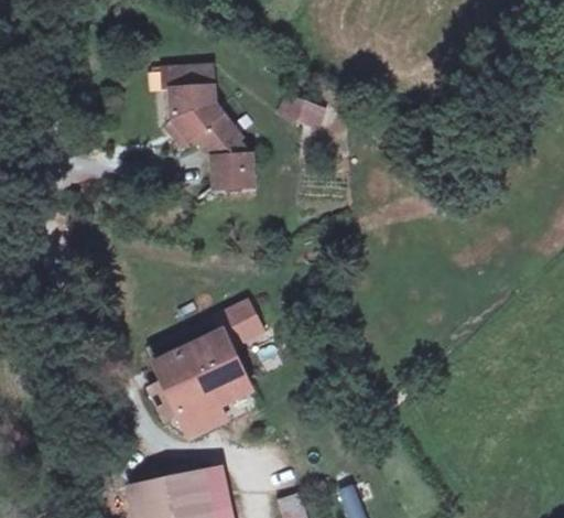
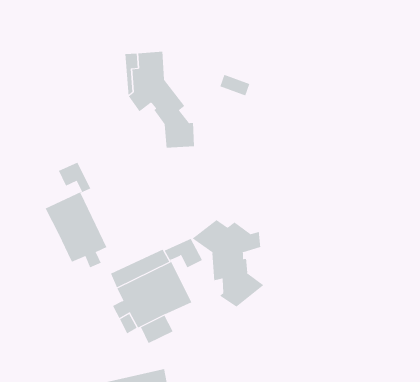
building: none -> [45,162,107,268]
building: none -> [192,219,265,308]

